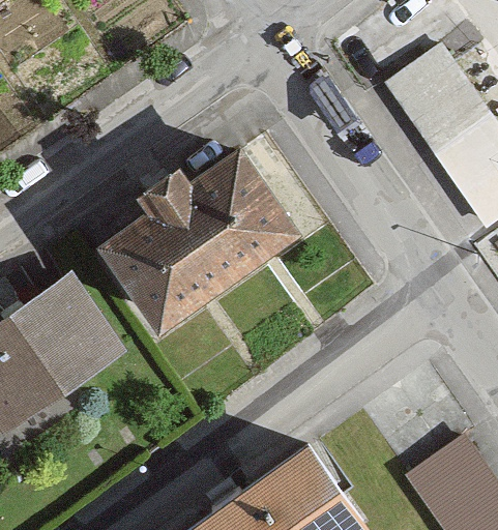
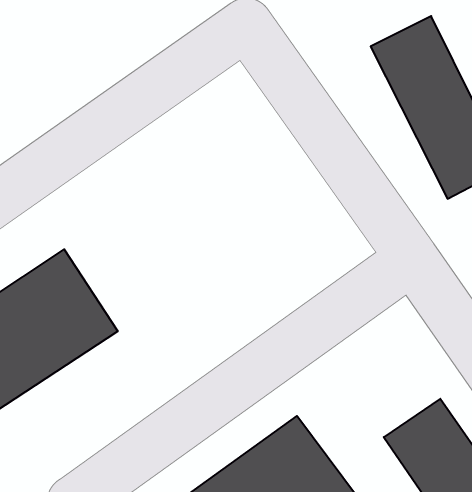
building: [105,147,303,332] -> none

